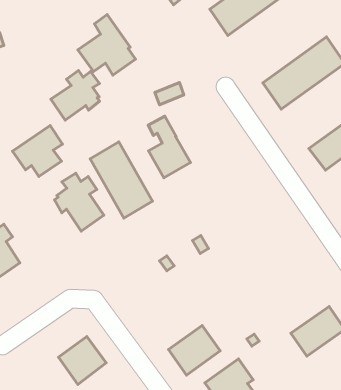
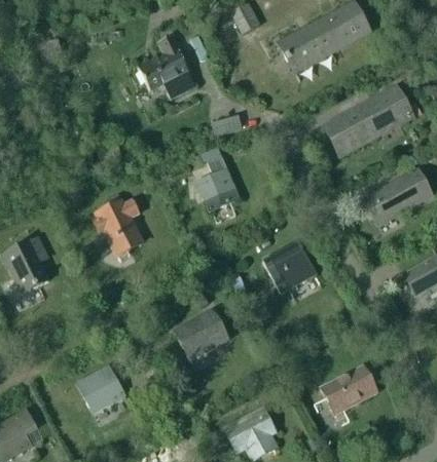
building: [51,71,100,120] -> none
building: [12,126,63,176] -> none
building: [90,142,152,218] -> none
building: none -> [269,240,317,288]
building: [168,325,220,375] -> [175,310,228,359]

